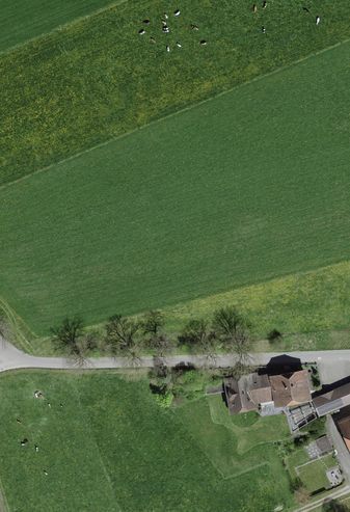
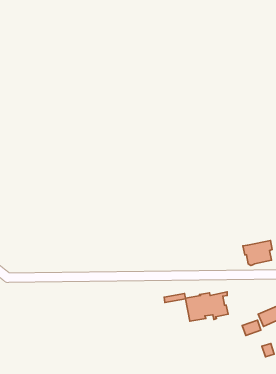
building: [272,374,306,403] -> [243,241,272,266]

